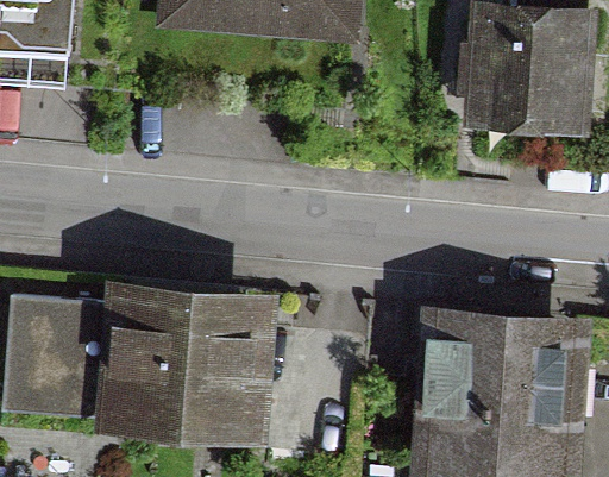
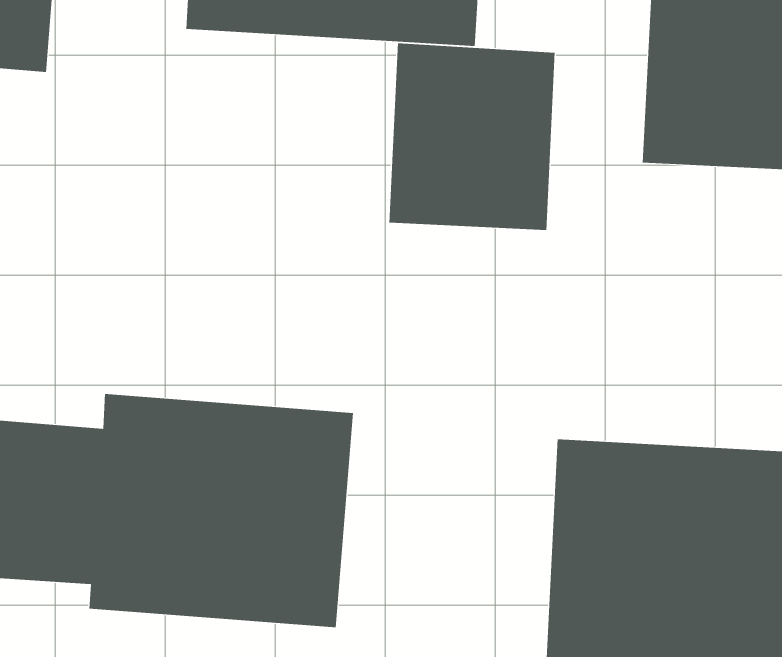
building: none -> [389,42,555,231]

